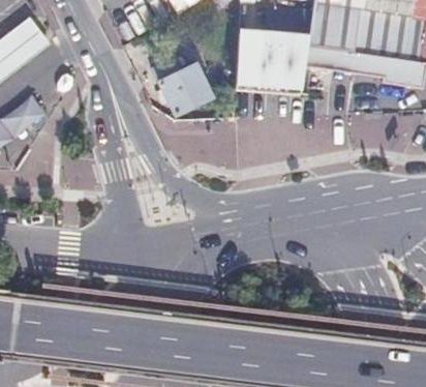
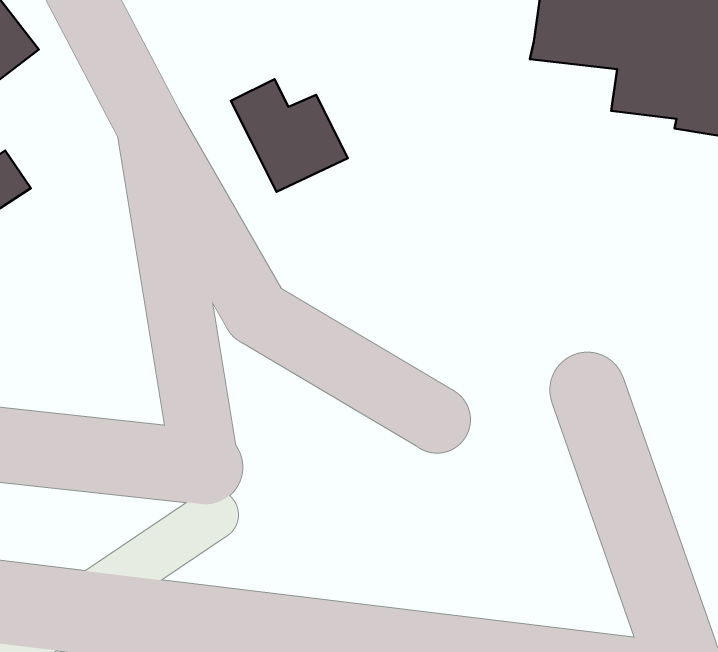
building: [237,33,310,91] -> none

